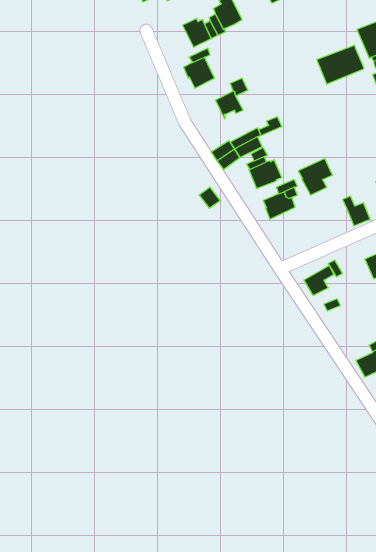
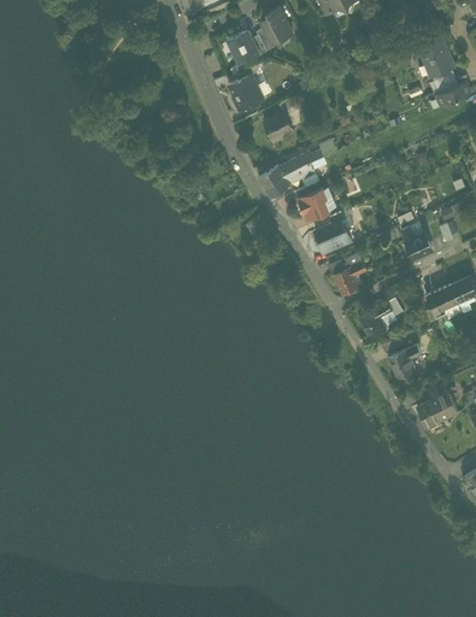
building: [317,45,364,84] -> none
building: [298,159,332,195] -> [328,253,365,293]
building: none -> [388,345,421,377]

